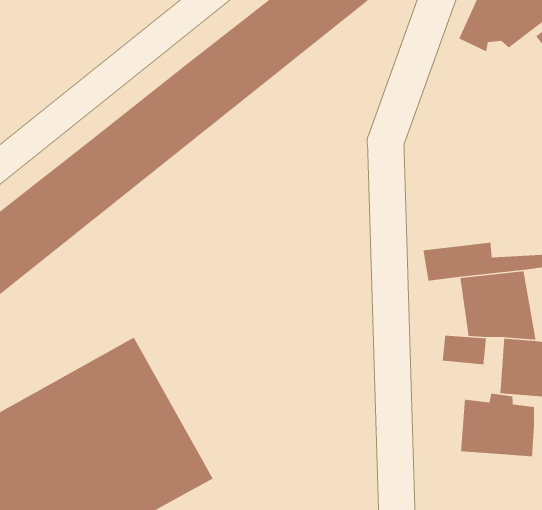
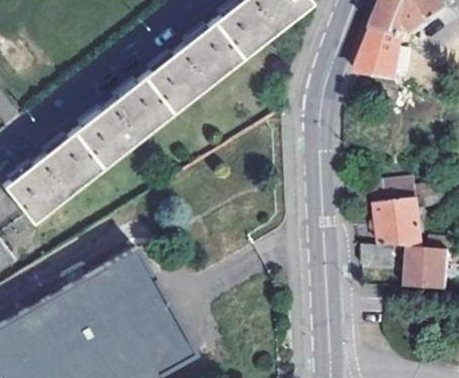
building: none -> [356,32,397,82]
building: [460,393,535,457] -> none

